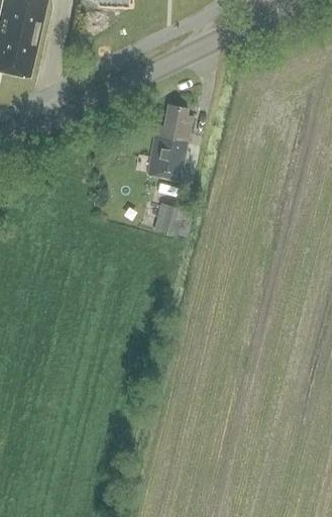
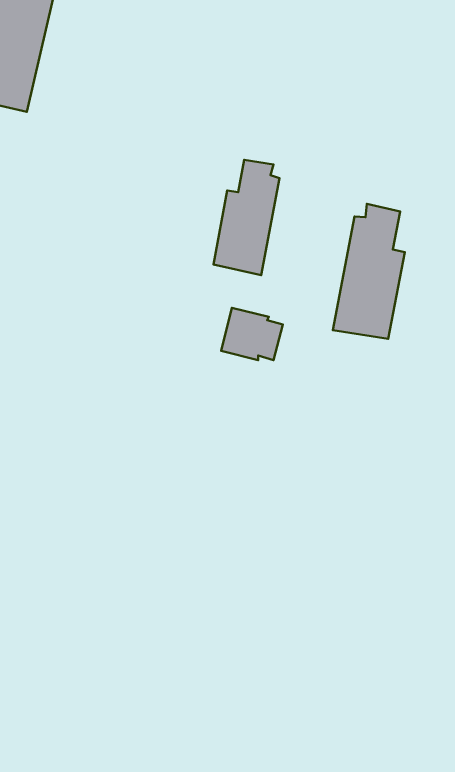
building: none -> [333,204,405,339]

